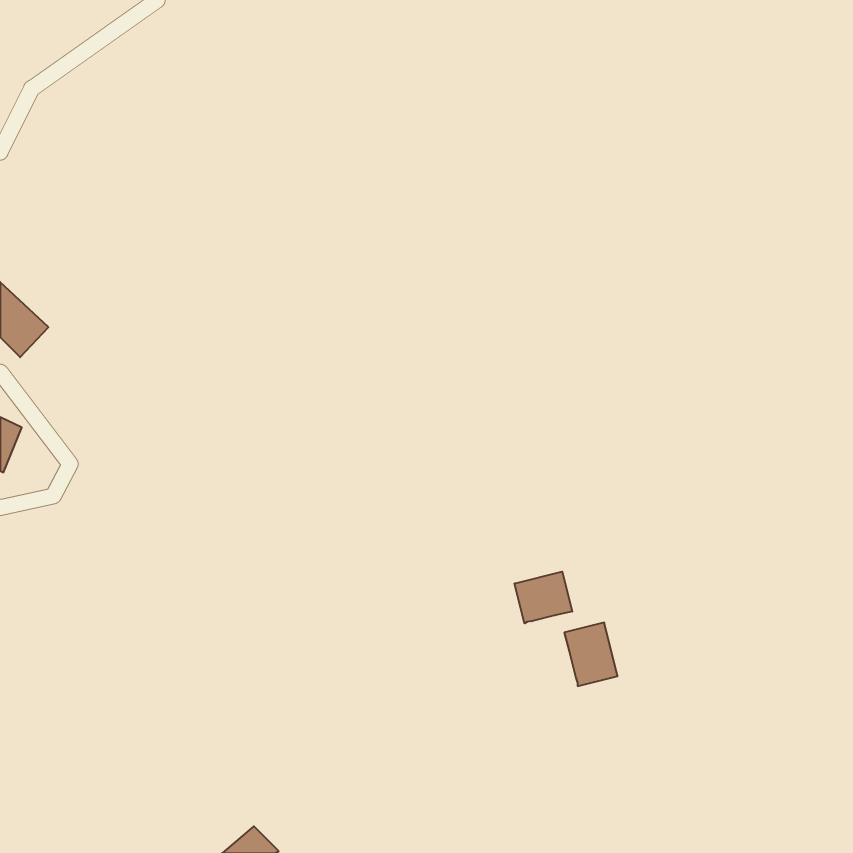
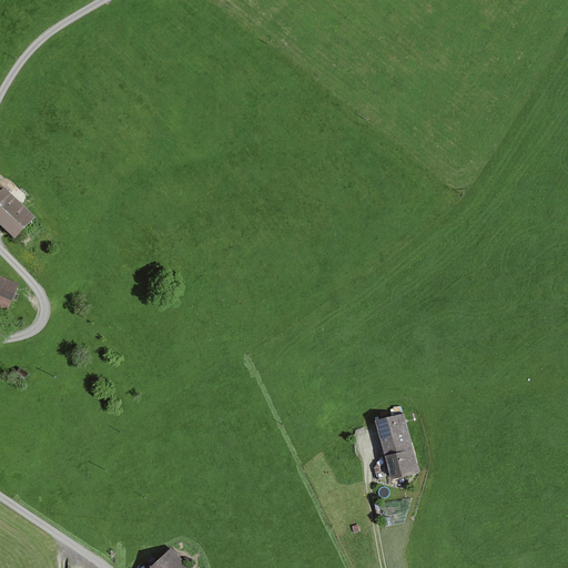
building: [515,572,572,623] -> none
building: none -> [384,449,416,476]

